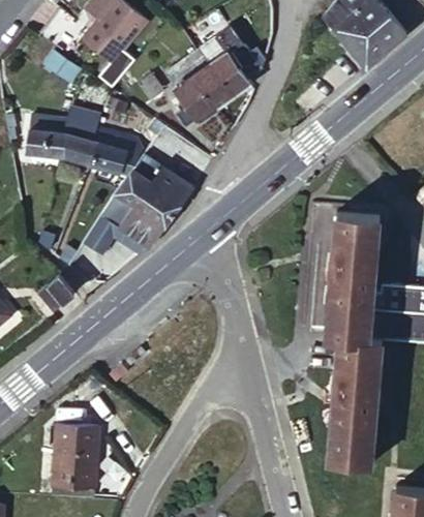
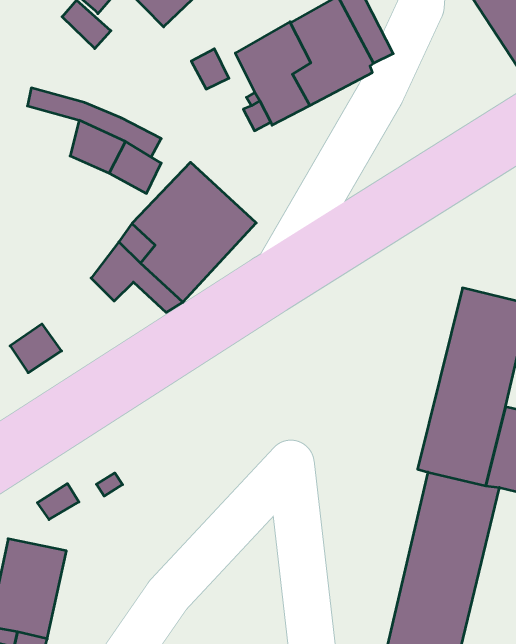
building: [27,127,66,157] -> none

